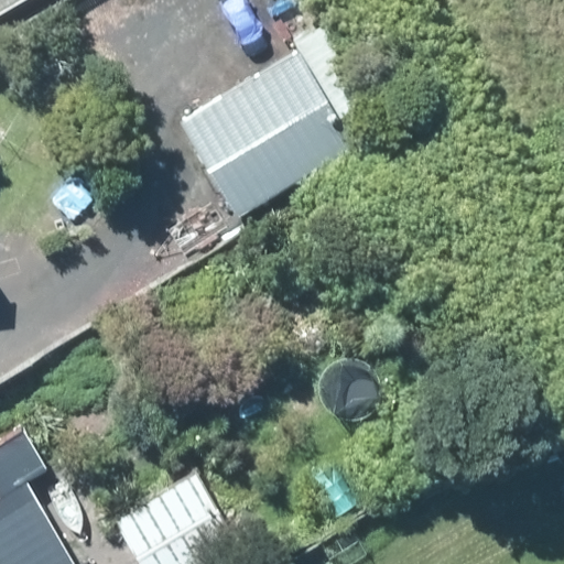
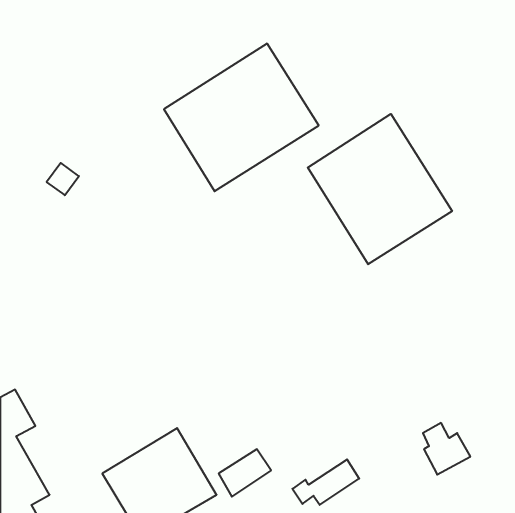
building: none -> [308,114,452,264]

